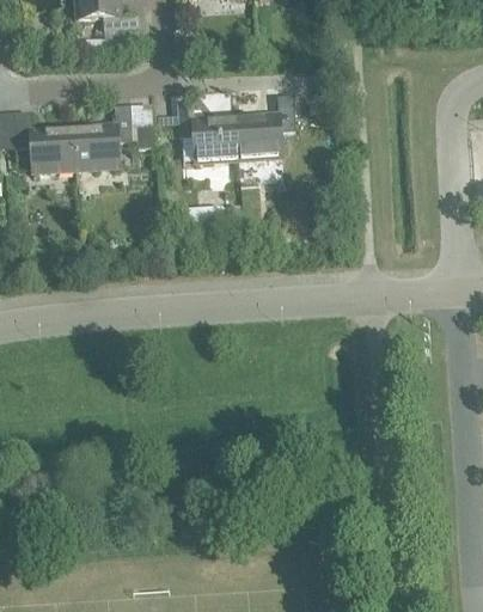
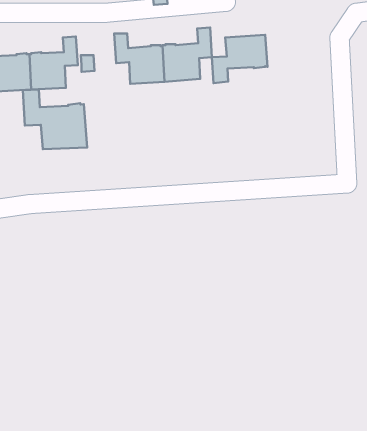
building: none -> [212,35,267,83]
building: none -> [23,89,87,149]

